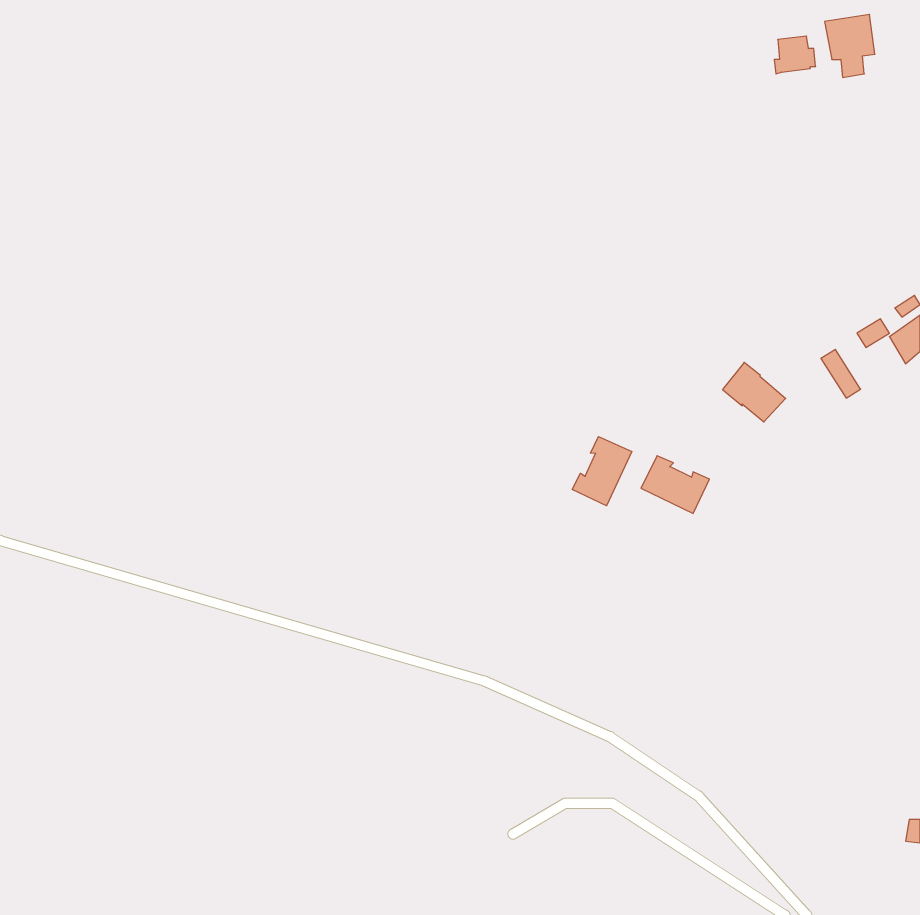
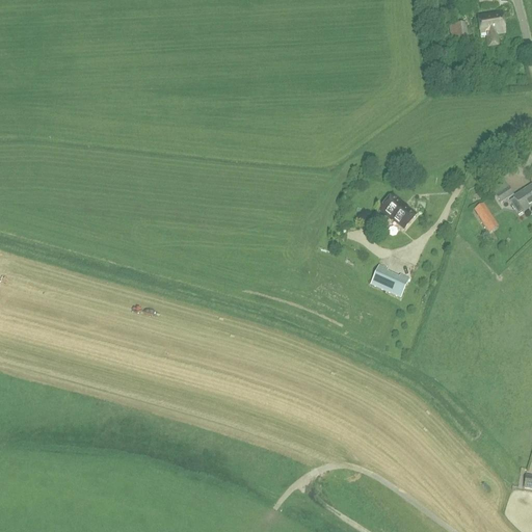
building: [723,362,786,422] -> [379,192,416,227]
building: [572,437,632,506] -> none

